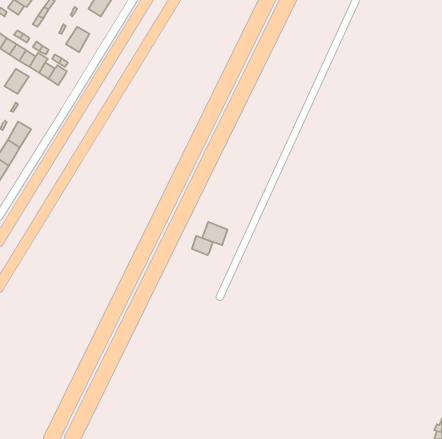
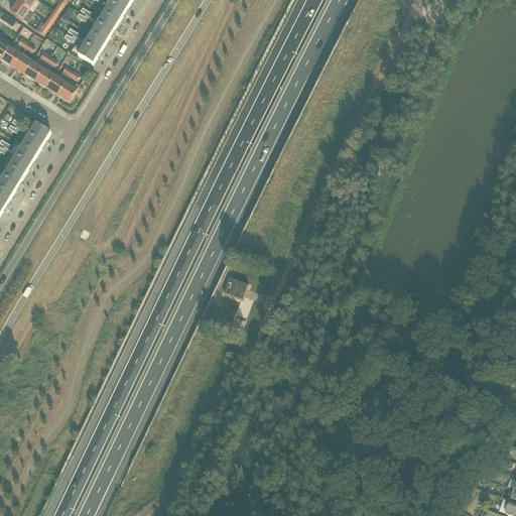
building: none -> [90,10,117,39]
building: [5,69,29,94] -> [21,121,49,150]
building: [202,222,228,245] -> none

